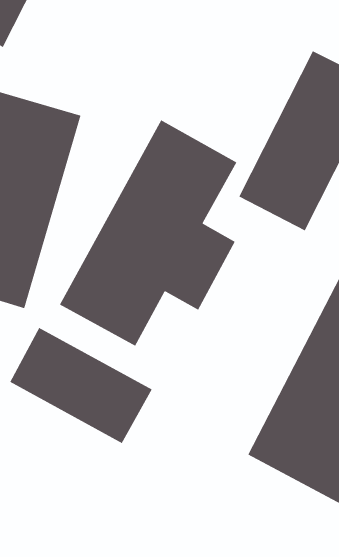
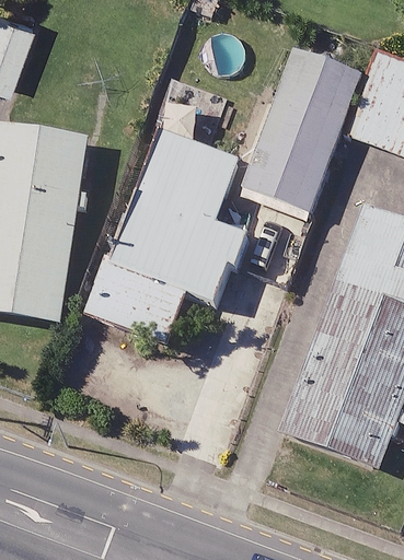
building: [9,327,153,444] -> none

